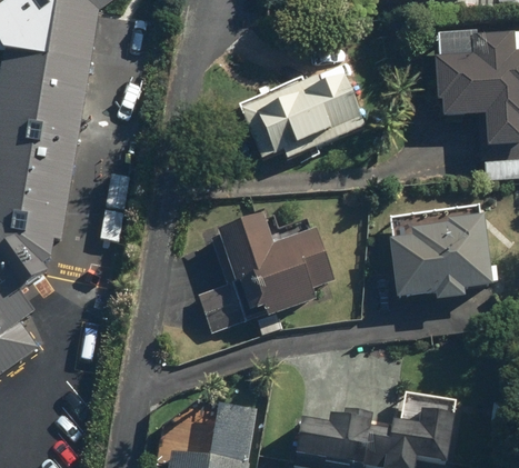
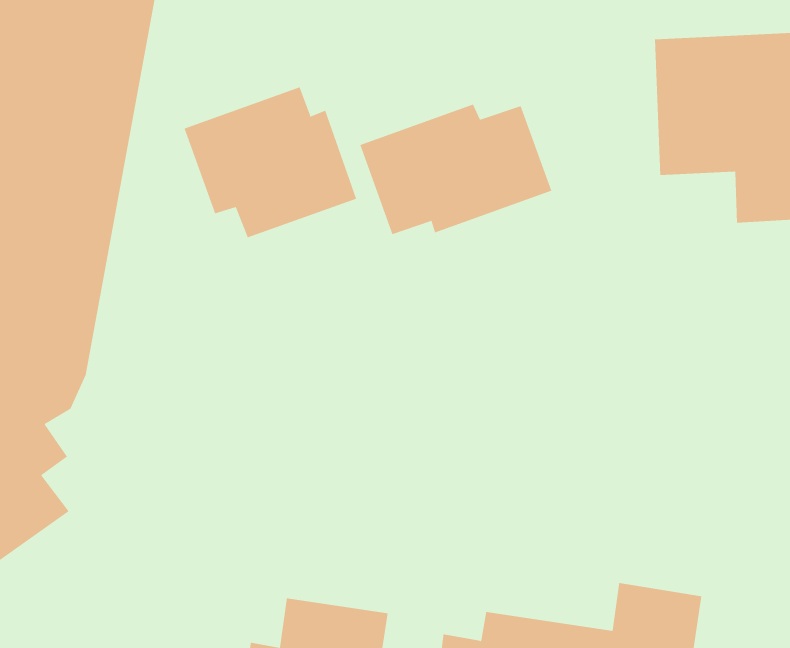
building: none -> [184,87,357,238]
building: [382,200,496,302] -> none
building: [204,212,339,331] -> none

